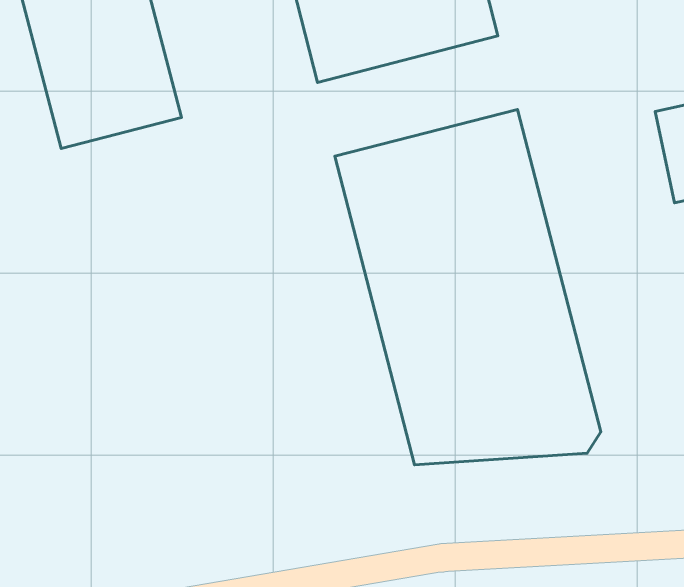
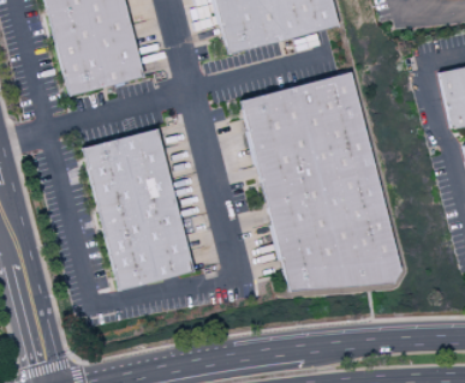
building: none -> [82,128,195,292]

